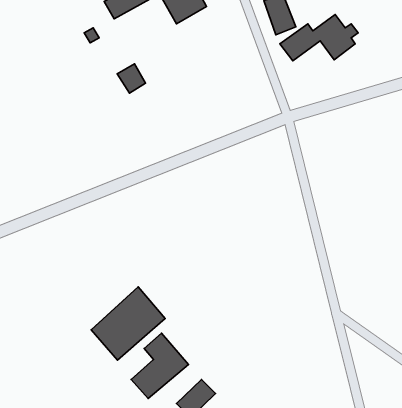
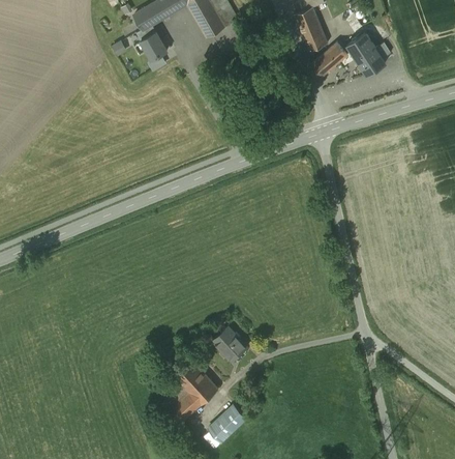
building: [117,64,145,93] -> [139,32,168,62]
building: [91,287,165,360] -> none
building: none -> [210,326,248,365]

